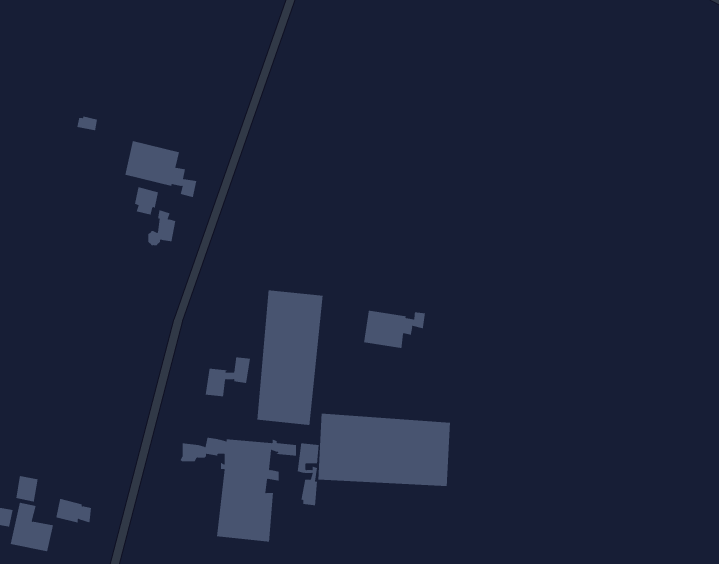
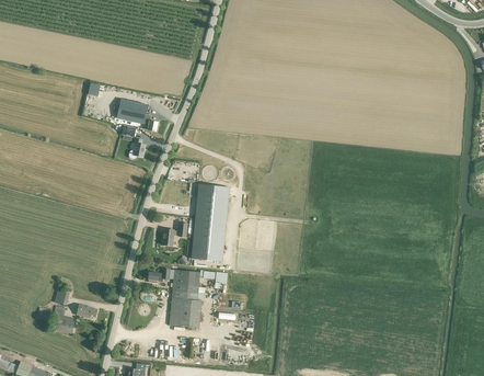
building: [363,310,426,349] -> none
building: [318,413,450,487] -> none

